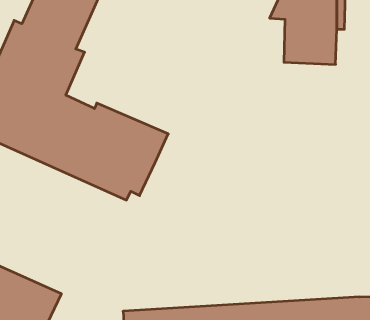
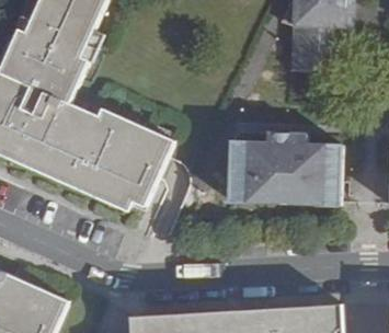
building: none -> [228,133,341,206]

